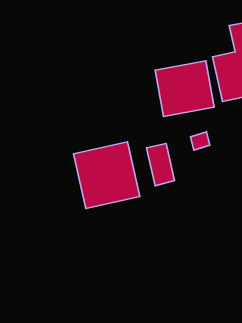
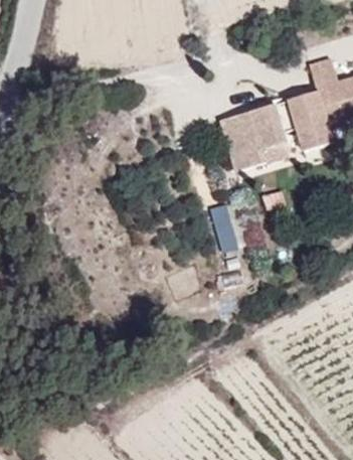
building: [74,142,140,209] -> none

